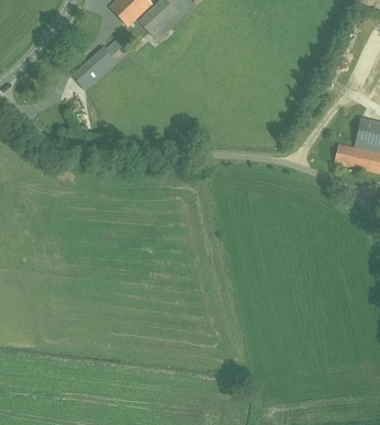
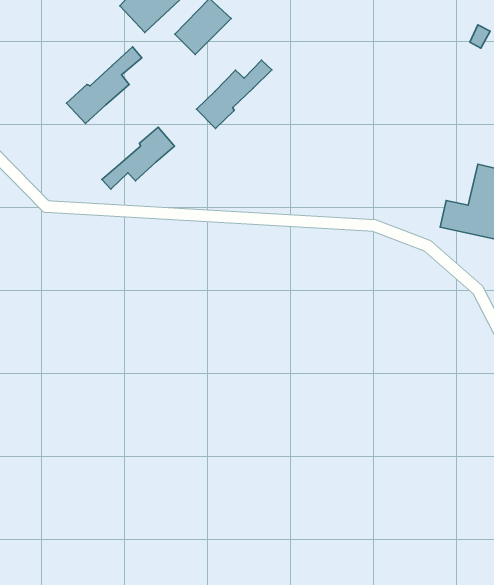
building: none -> [197,60,272,129]
building: none -> [102,127,174,189]

